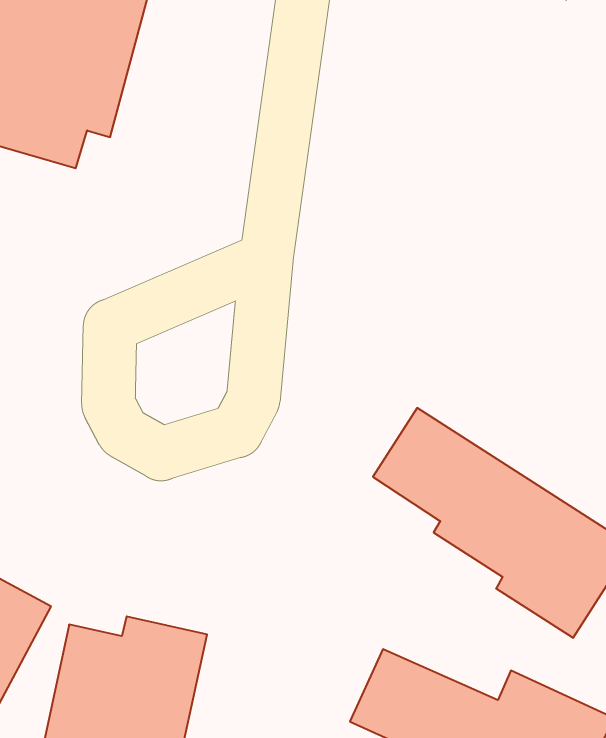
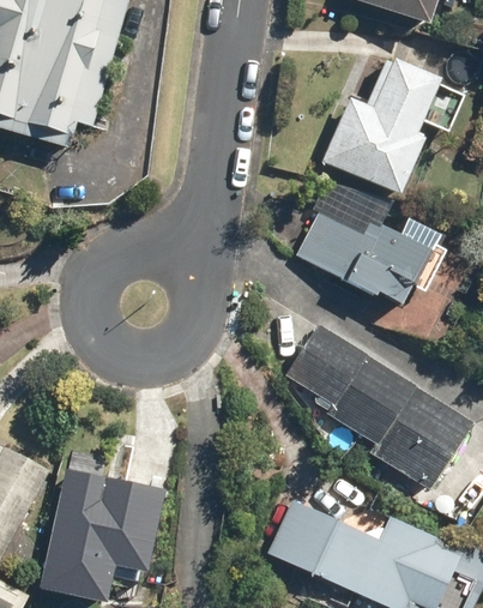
building: none -> [321,56,441,195]
building: none -> [295,207,431,303]

